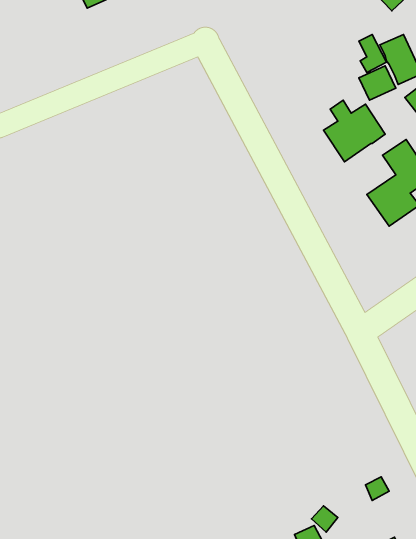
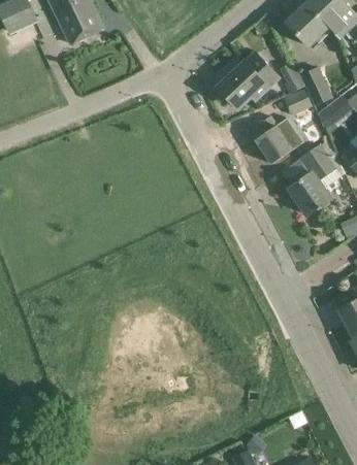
building: none -> [217,55,278,110]

